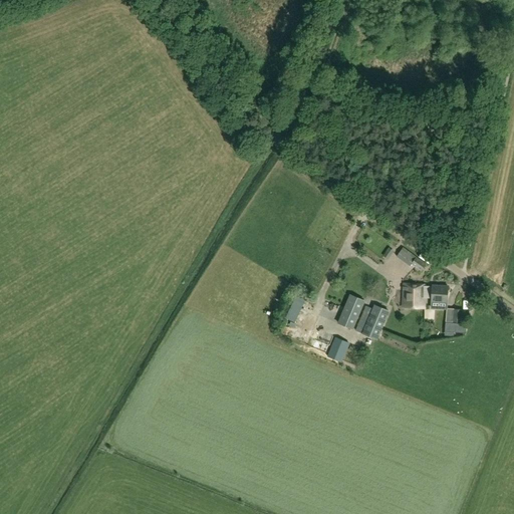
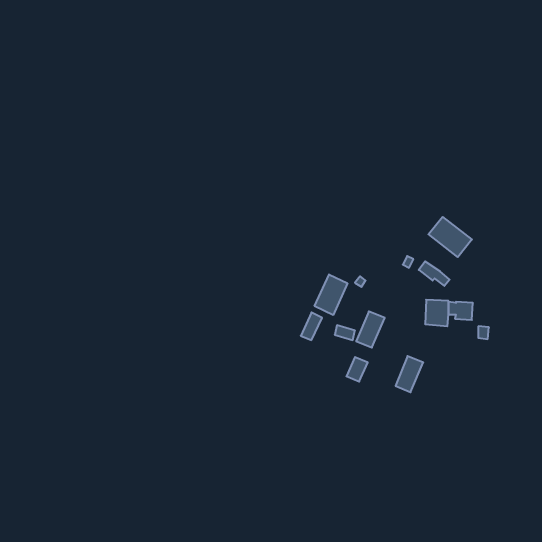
building: none -> [428,217,472,257]
building: none -> [315,274,347,315]
building: [361,304,388,338] -> [396,356,423,392]

